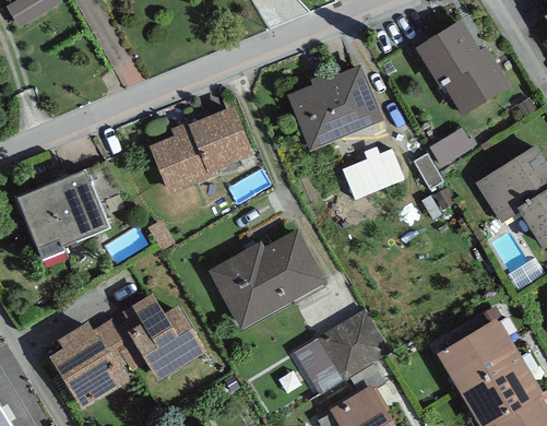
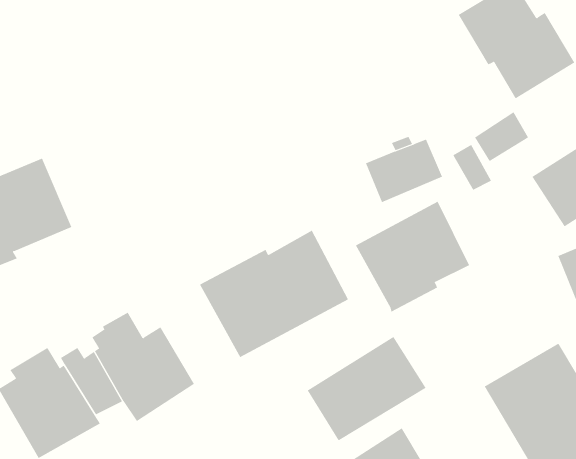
building: [286,66,384,153] -> none
building: [150,105,253,192] -> none
building: none -> [355,201,470,313]

